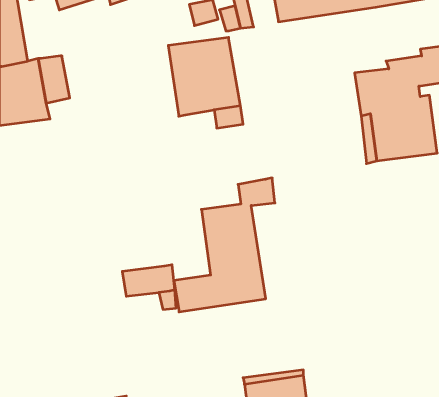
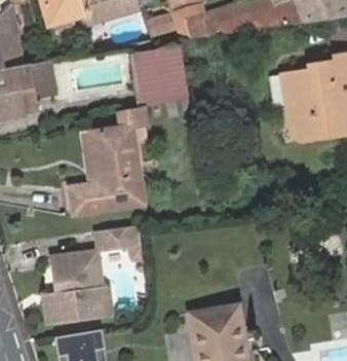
building: [174,178,275,312] -> [70,107,149,212]
building: none -> [37,249,107,322]

